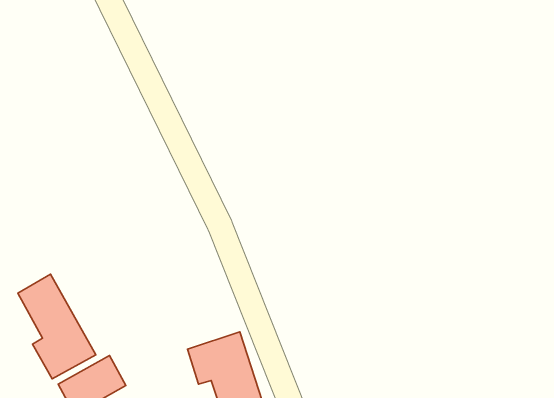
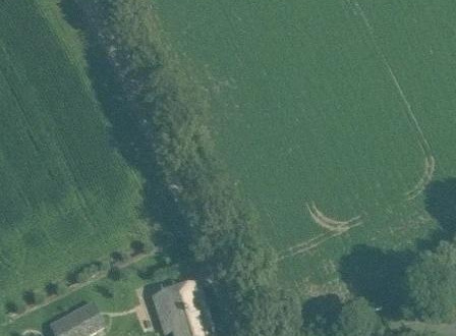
building: [18,274,96,379] -> none

